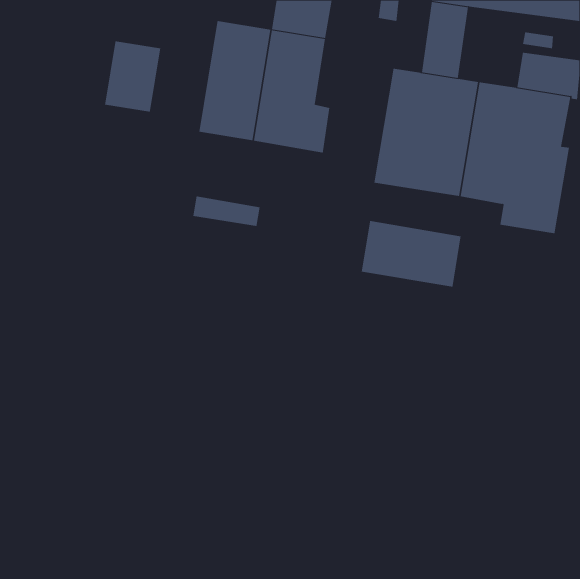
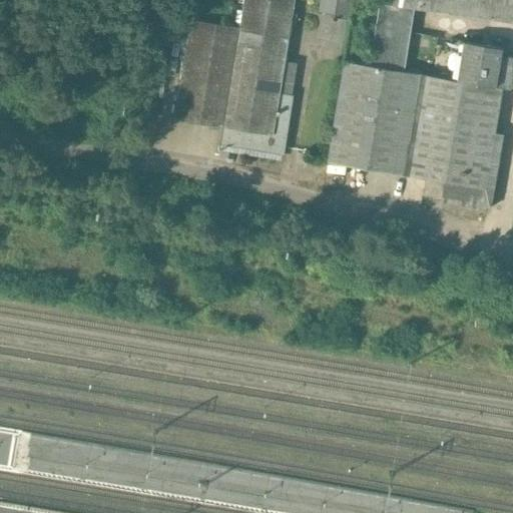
building: [104,41,161,112] -> none
building: [192,196,261,226] -> [225,126,286,153]
building: [361,220,461,287] -> none

